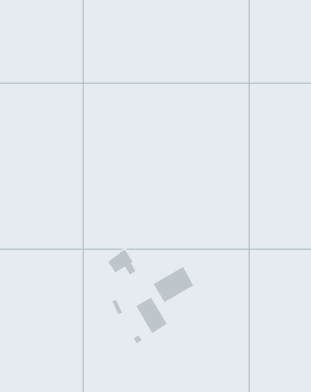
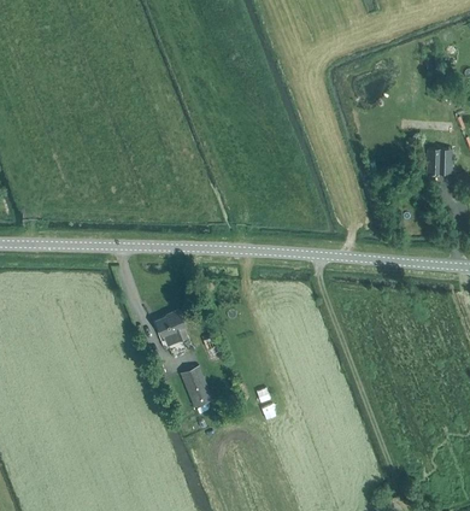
building: [152,266,194,303] -> none

